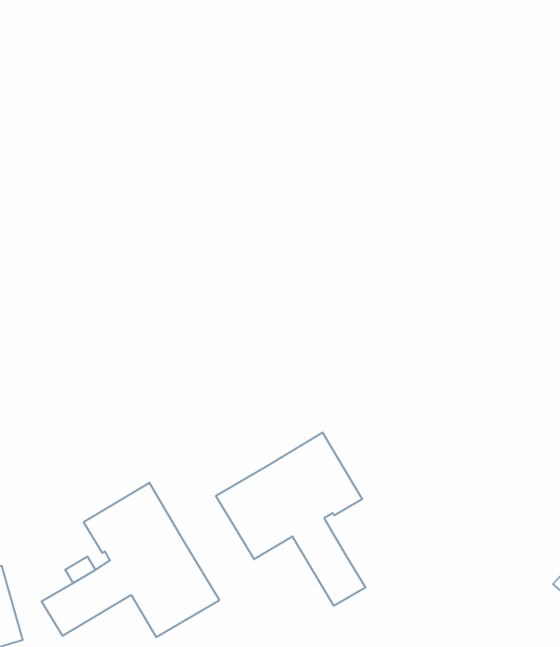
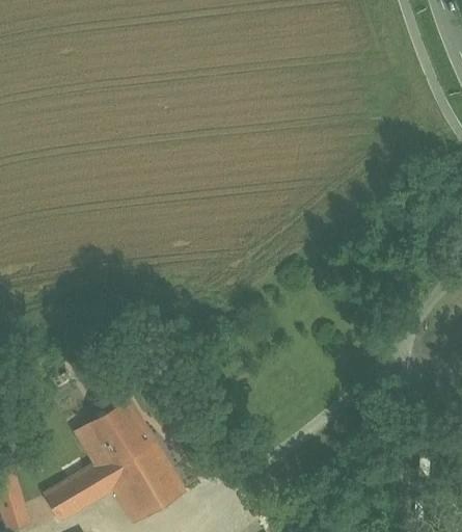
building: [216,432,366,606] -> none

